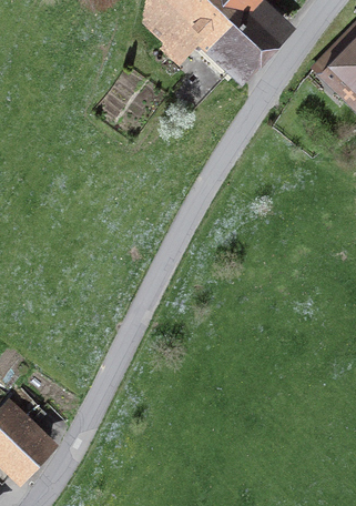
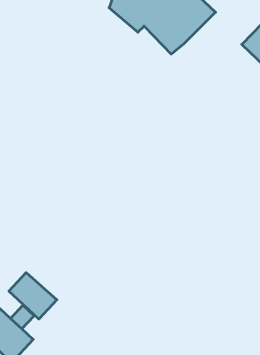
building: none -> [9,273,57,319]

